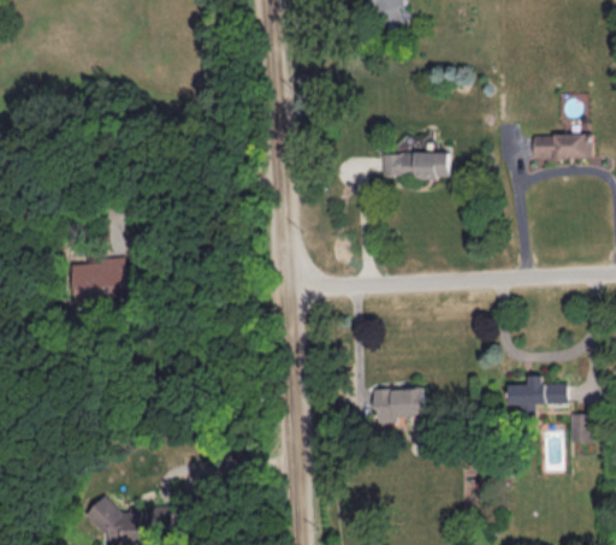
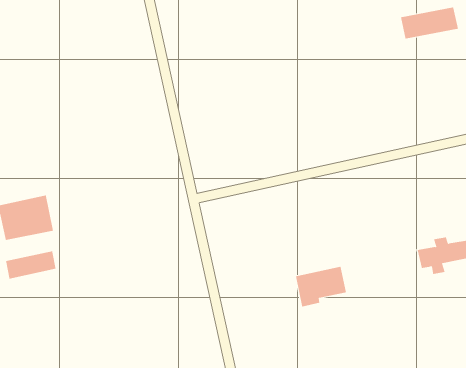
building: [380,153,448,178] -> none
building: none -> [6,250,56,280]

